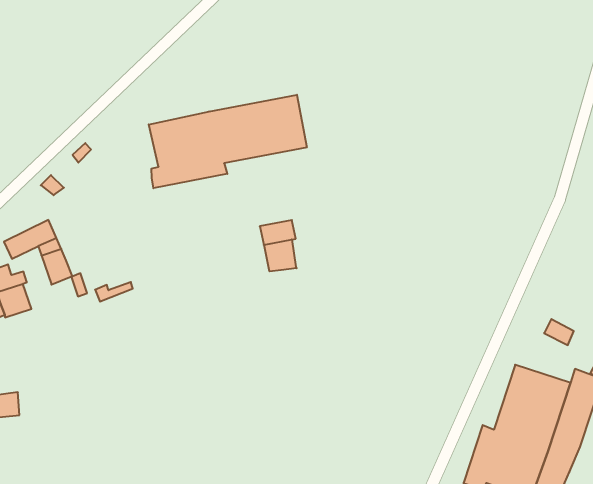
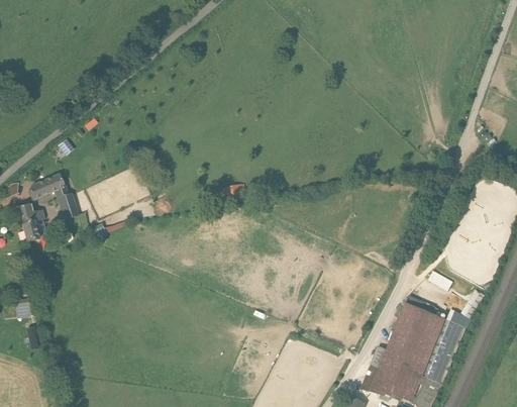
building: [149,95,307,188] -> none
building: [264,239,297,271] -> none

